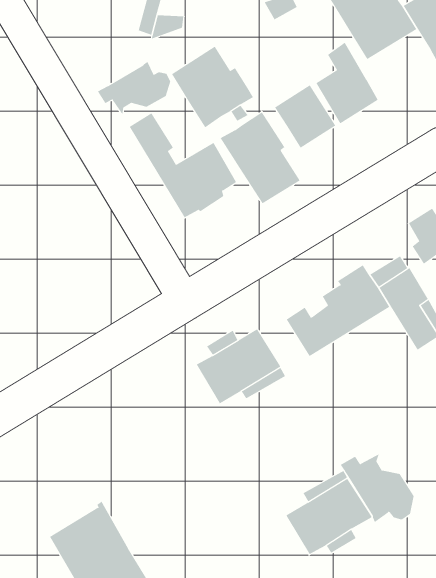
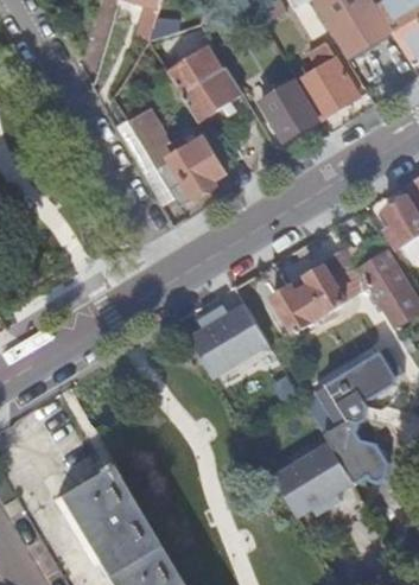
building: [97,61,171,115] -> none
building: [220,111,301,204] -> none
building: none -> [316,342,405,431]

